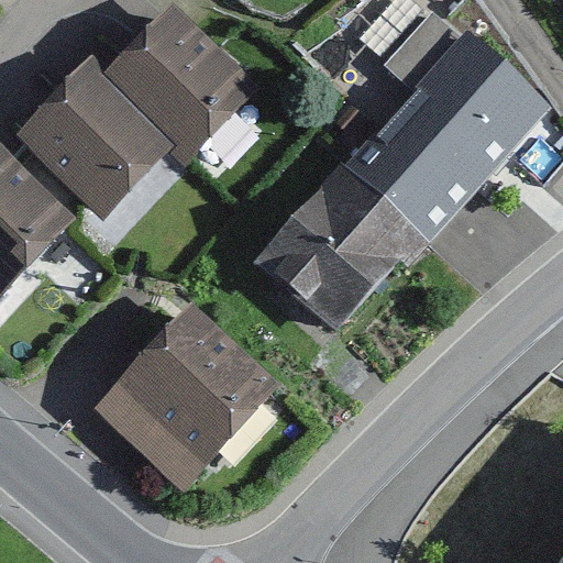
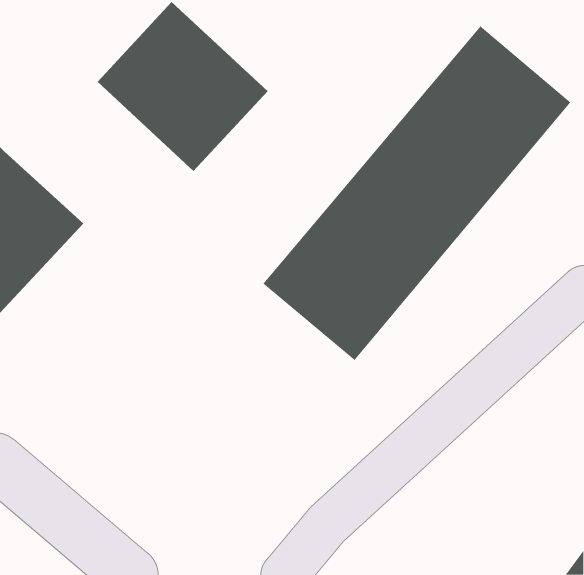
building: [4,65,172,231] -> none
building: [110,301,278,470] -> none

